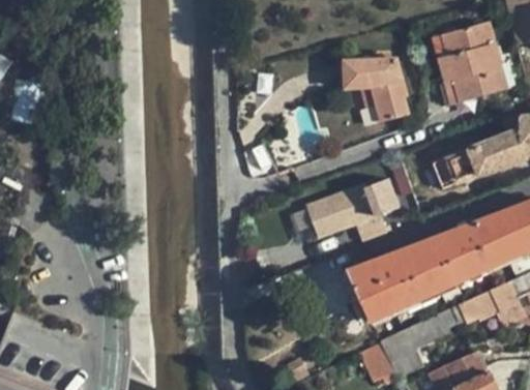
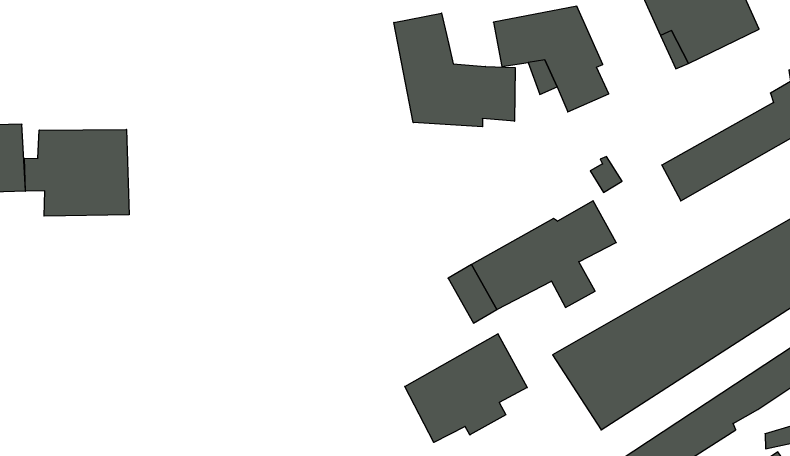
building: none -> [394,13,515,127]
building: none -> [25,129,129,216]
building: none -> [405,334,527,442]

